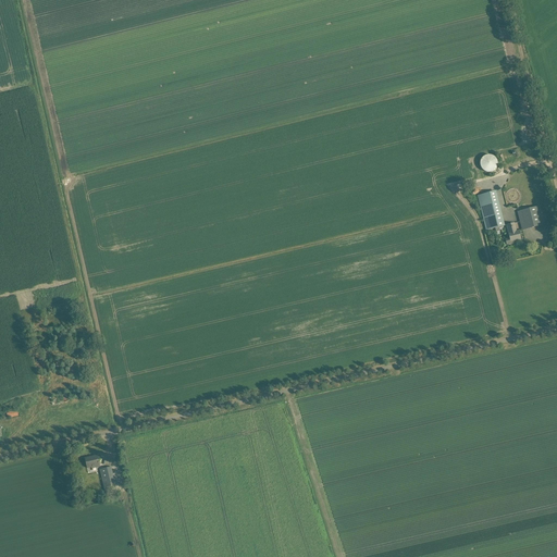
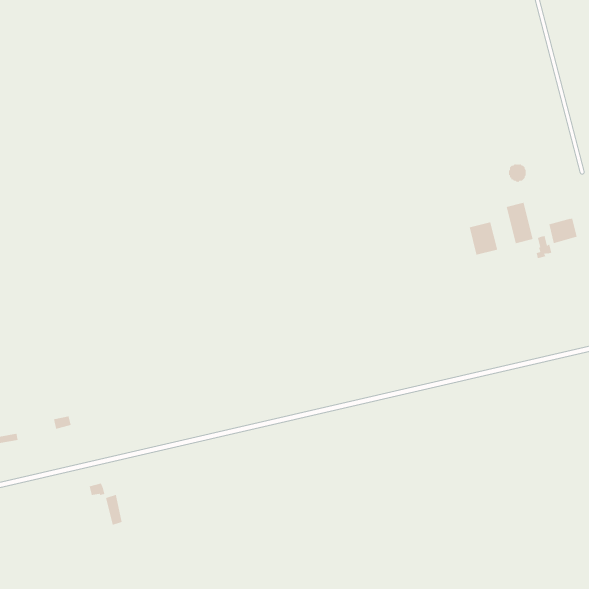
building: none -> [469,221,498,255]

